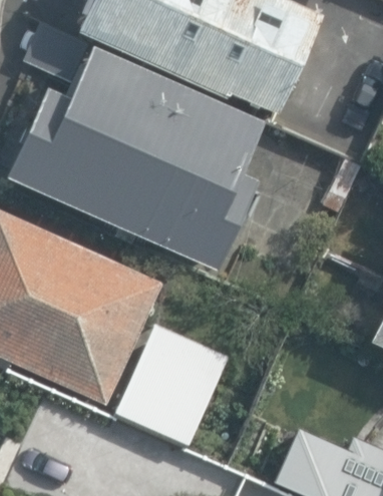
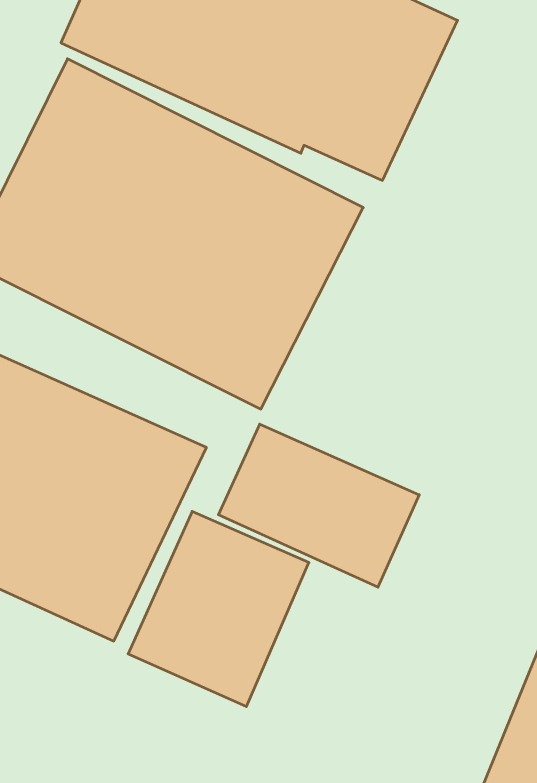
building: none -> [218,424,419,587]

